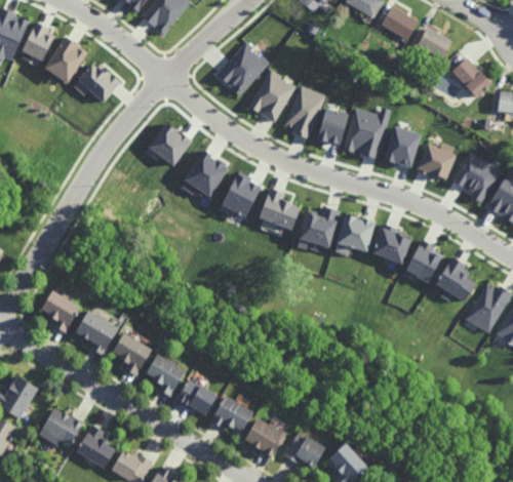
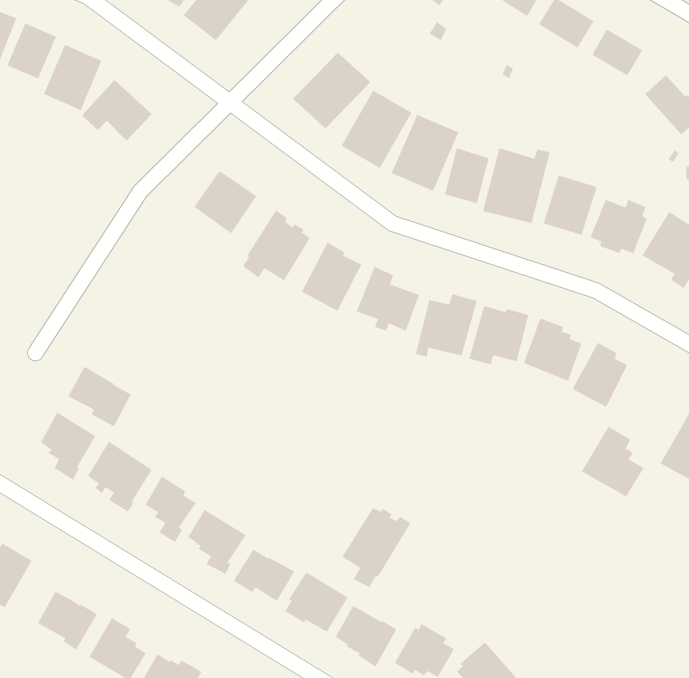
building: [432,254,475,303] -> [581,426,645,497]
building: none -> [68,366,132,427]
building: none -> [342,507,411,588]

